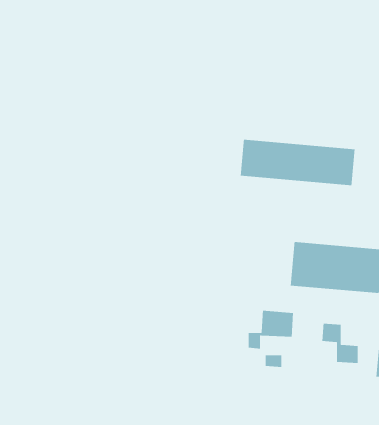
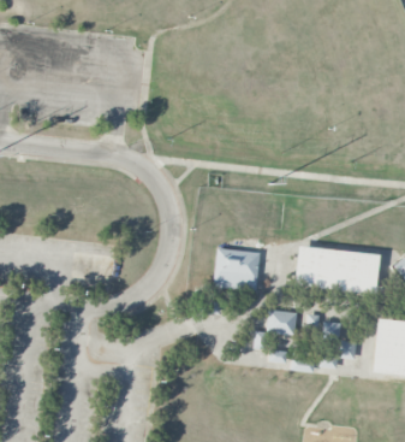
building: [240,139,356,186] -> none
building: none -> [213,247,261,290]

